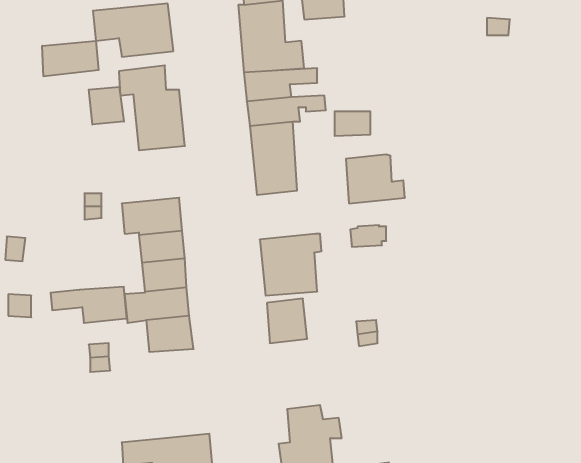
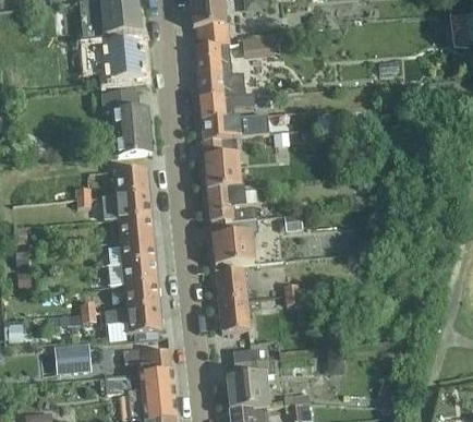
building: [42,41,99,76] -> none
building: [89,87,124,125] -> none
building: [346,155,405,203] -> [208,186,253,224]
building: none -> [114,168,149,195]
building: [51,287,127,323] -> [105,306,162,334]
building: none -> [218,299,250,333]
building: none -> [59,347,89,374]
building: none -> [124,347,172,374]

